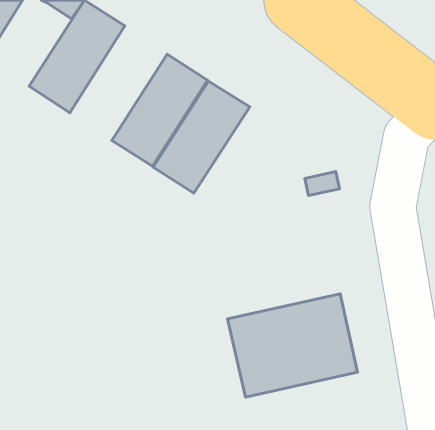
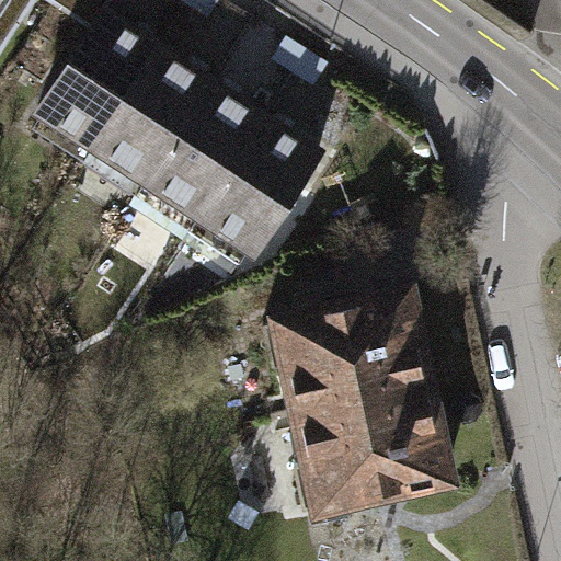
building: none -> [90,48,211,191]
building: none -> [267,287,433,419]

